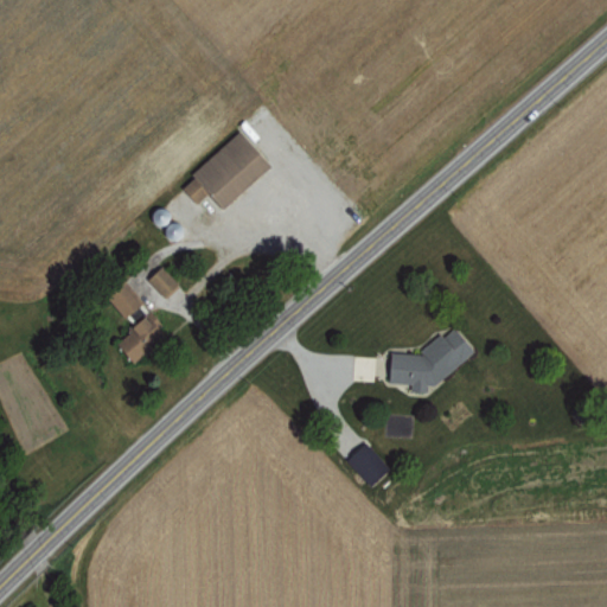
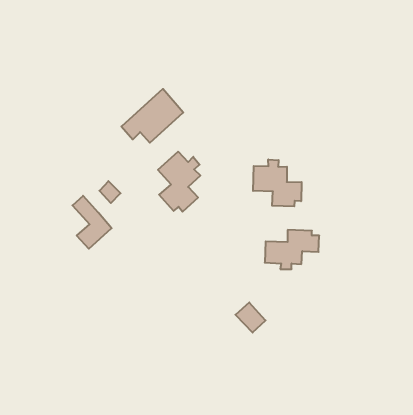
building: none -> [158,152,200,212]
building: none -> [253,159,302,206]

